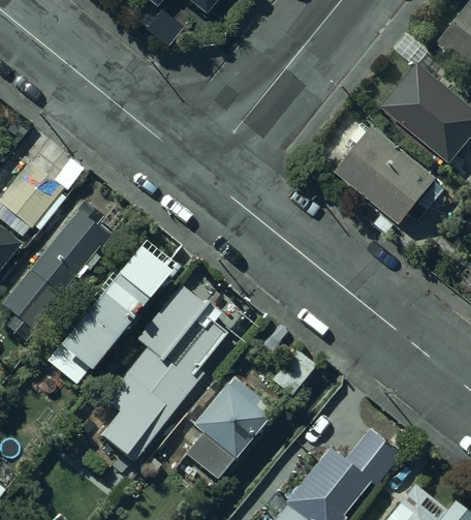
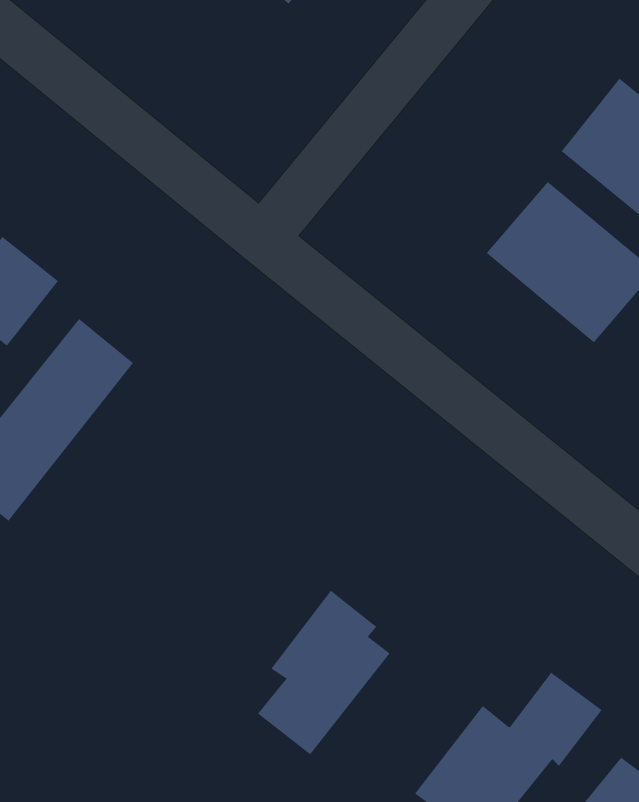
building: [61,253,171,375] -> none
building: [101,301,222,464] -> none

